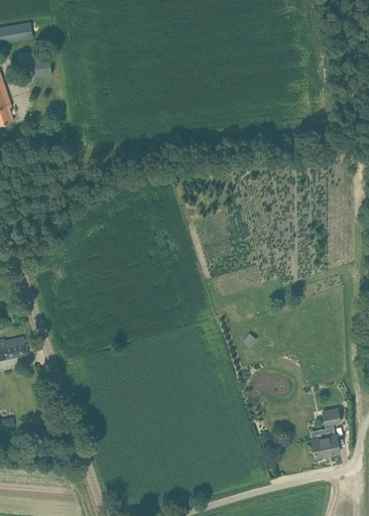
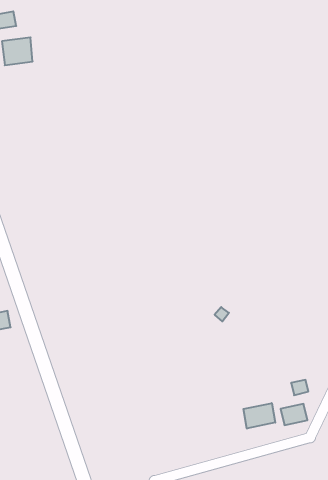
building: none -> [243,403,275,429]

